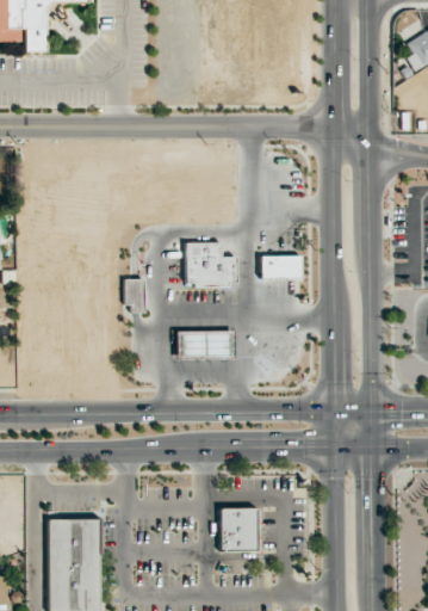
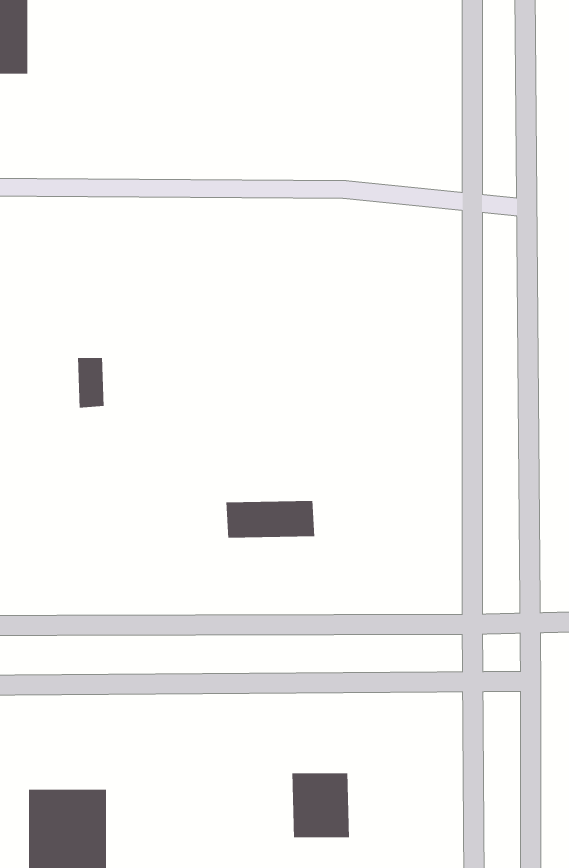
building: [186,242,237,288] -> none
building: [262,255,303,278] -> none
building: [128,279,145,313] -> [77,357,105,408]

